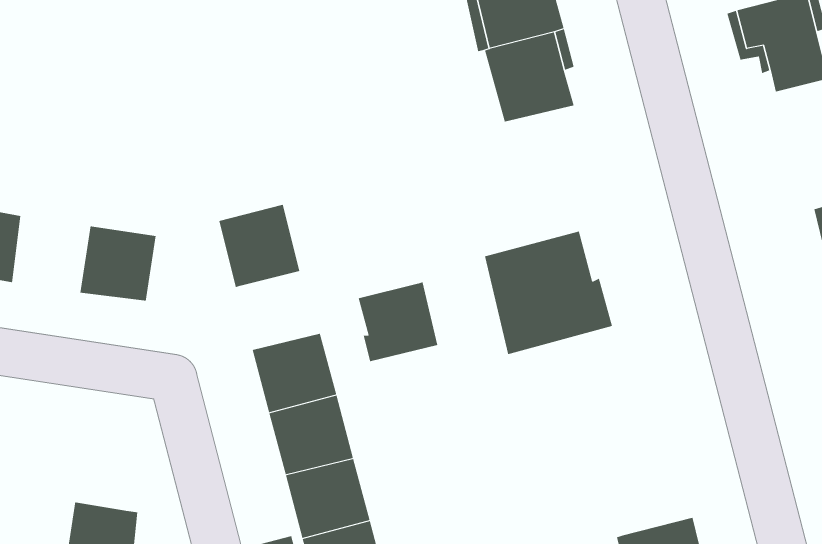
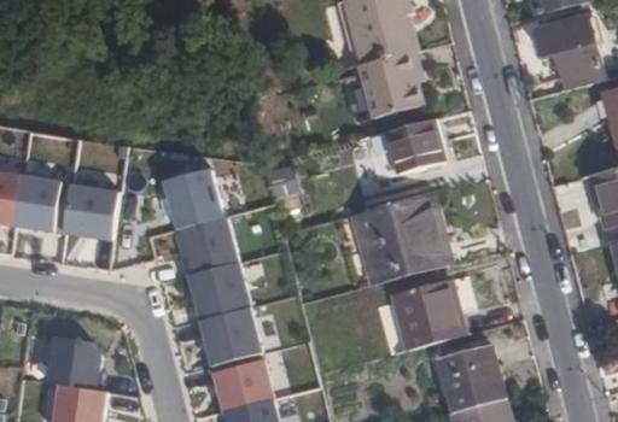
building: none -> [384,115,442,169]
building: none -> [14,180,70,235]
building: [358,281,438,362] -> [179,218,237,276]
building: none -> [384,275,460,347]
building: none -> [47,340,100,392]
building: none -> [442,340,506,410]

